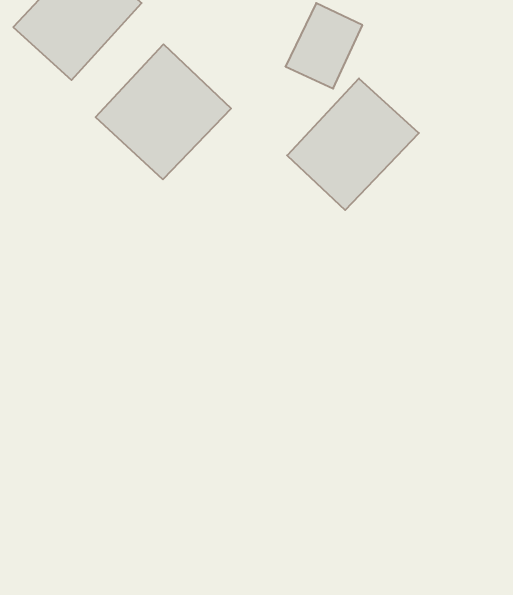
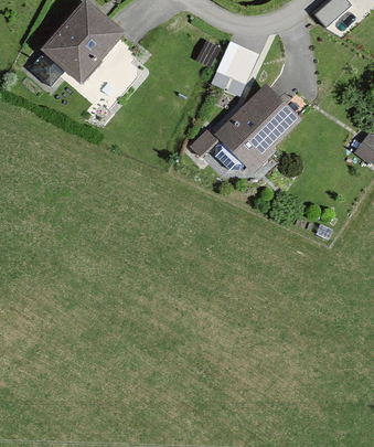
building: [96,44,231,179] -> none

